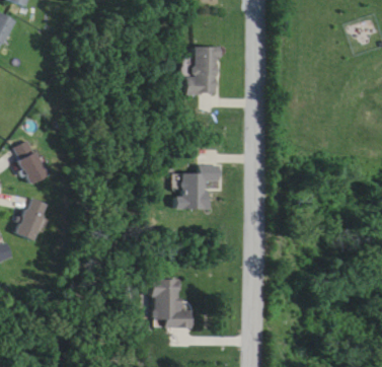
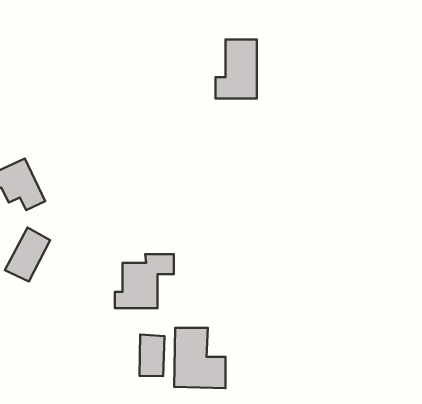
building: [173,164,221,208] -> [115,254,174,308]
building: none -> [139,335,164,376]

